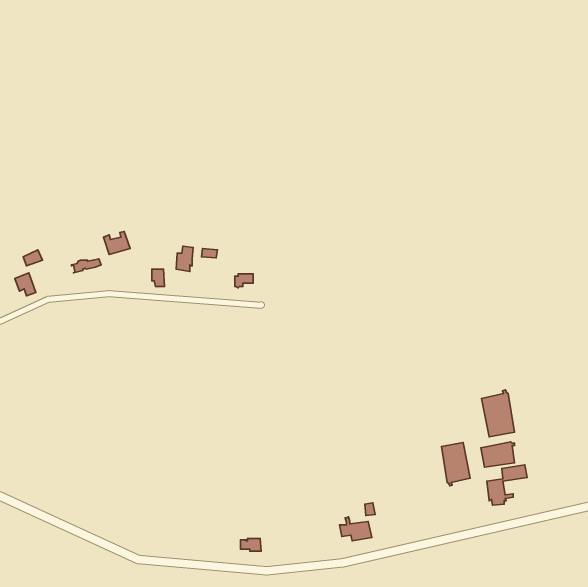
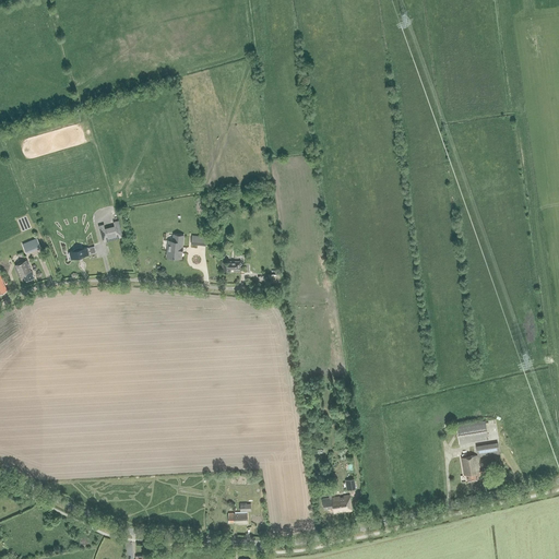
building: [482,390,515,437] -> none
building: [441,443,470,486] -> none

